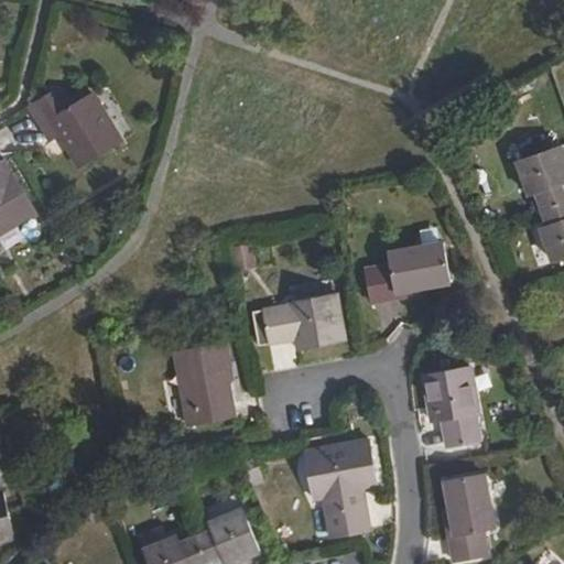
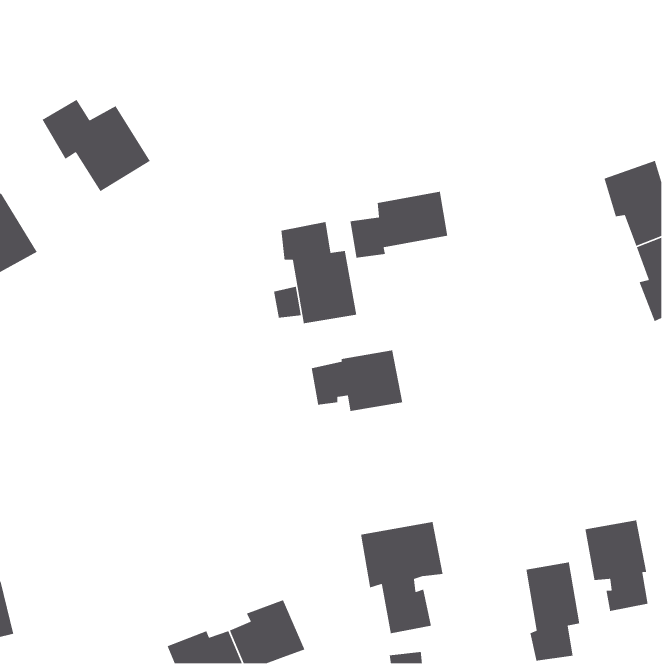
building: none -> [281,221,357,324]
building: [365,243,448,301] -> [349,191,448,258]
building: [176,343,234,425] -> none
building: [423,368,477,446] -> [585,520,648,612]

